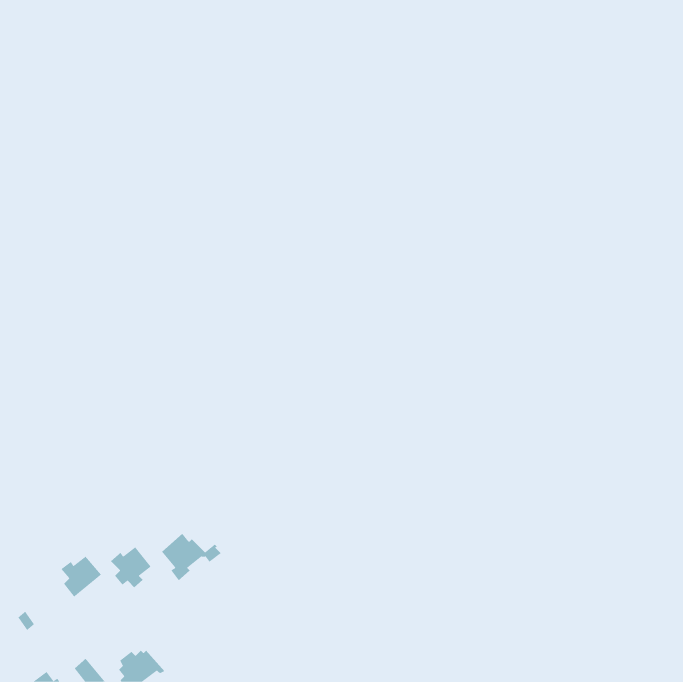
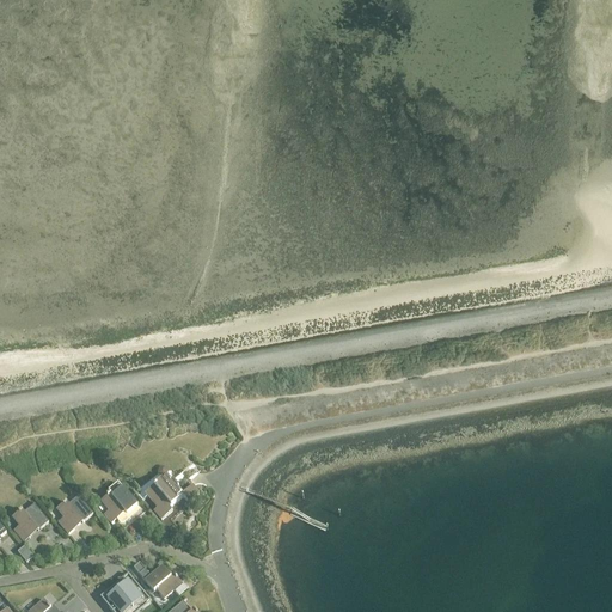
building: none -> [10,502,47,540]
building: none -> [131,561,185,598]

